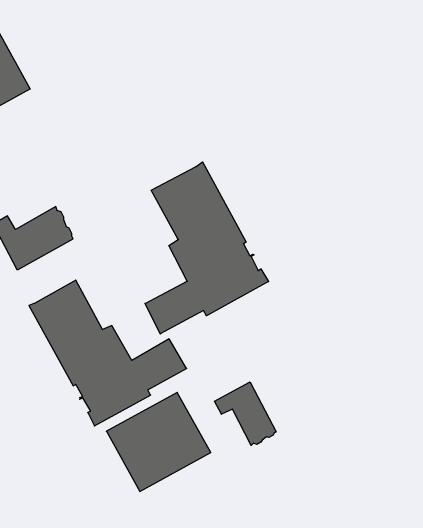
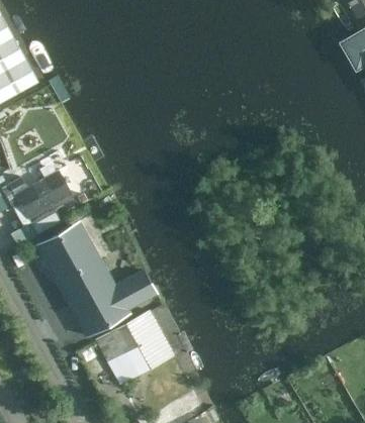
building: [145,162,269,334] -> none
building: [214,382,276,445] -> none

